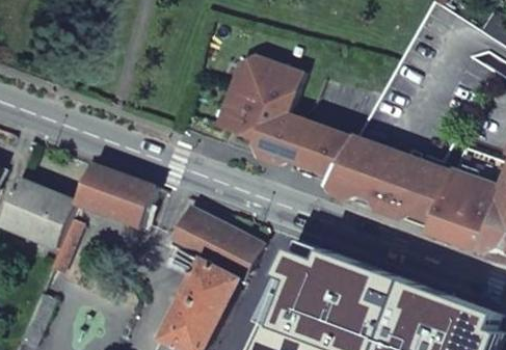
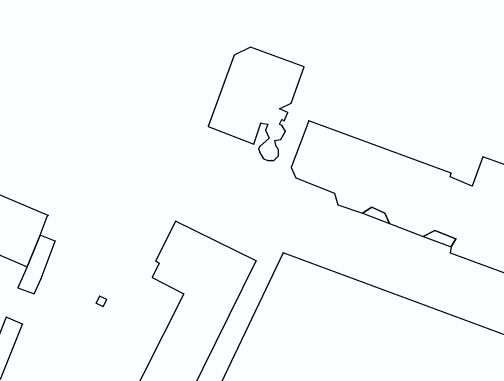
building: [257,110,309,163] -> none
building: [76,163,157,228] -> none

